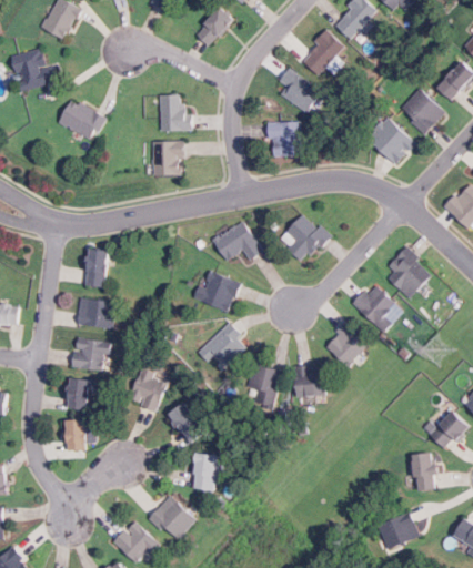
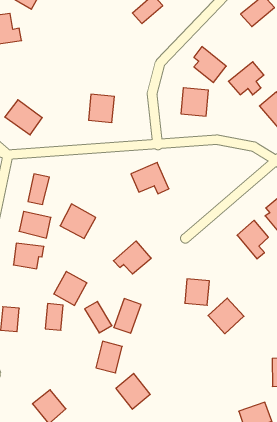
building: [299,31,343,74] -> [228,62,264,95]
building: [160,94,191,131] -> none
building: [57,98,104,141] -> [5,100,42,135]
building: [279,212,329,262] -> none
building: [194,268,239,311] -> [60,204,96,238]
building: [323,320,369,365] -> [208,298,244,334]
building: [248,364,280,407] -> [114,299,141,333]
building: [67,377,87,409] -> [45,304,63,330]
building: [149,495,193,540] -> [116,373,150,409]

